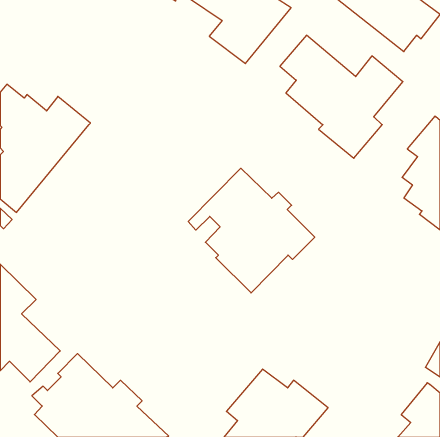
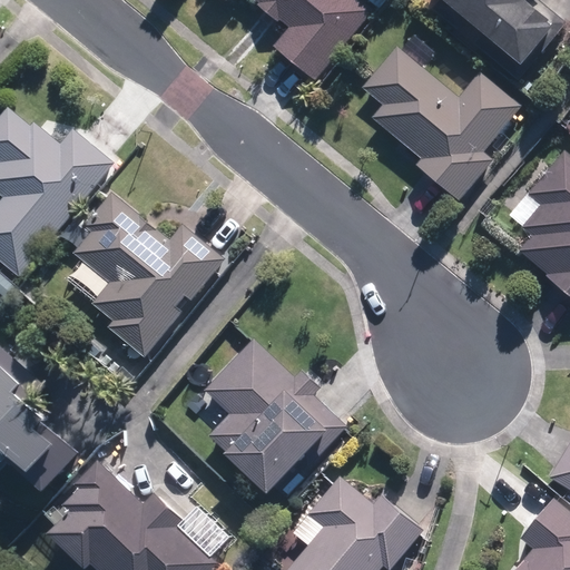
building: none -> [69,191,227,360]
building: [188,168,315,293] -> [186,337,350,499]

